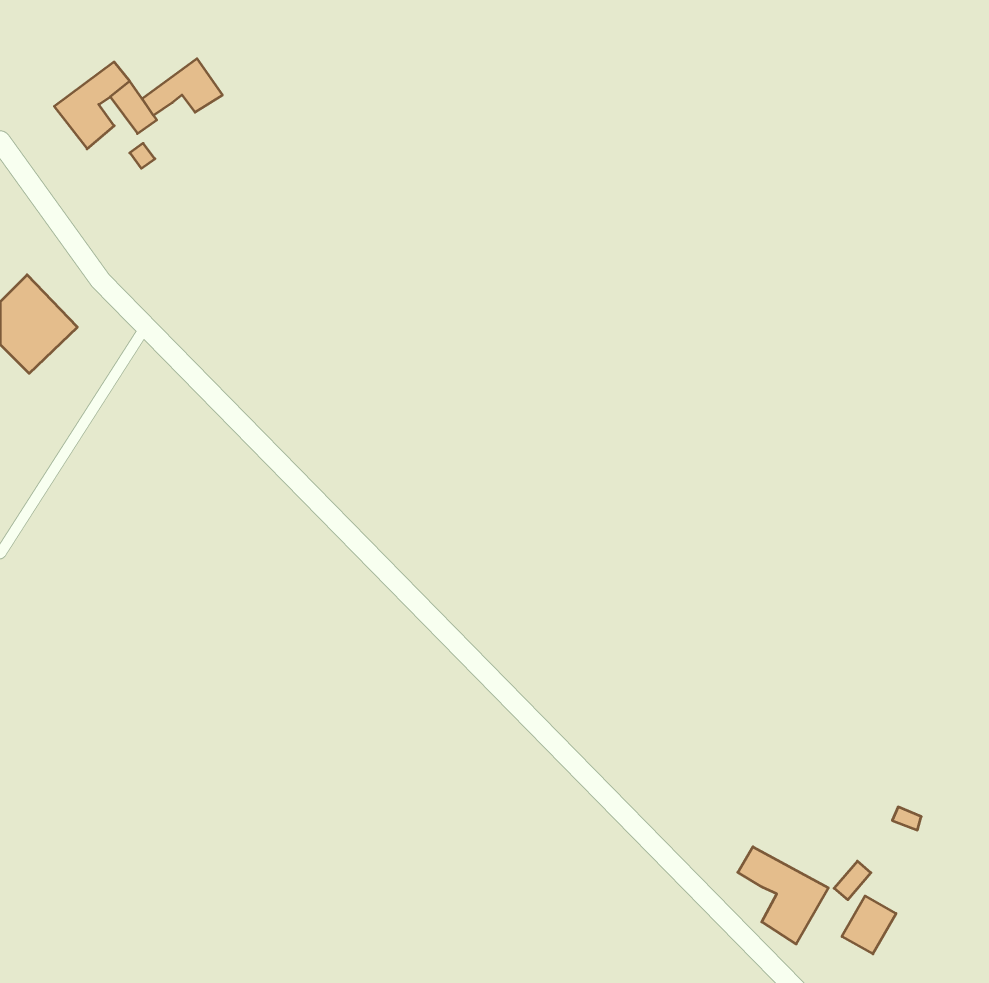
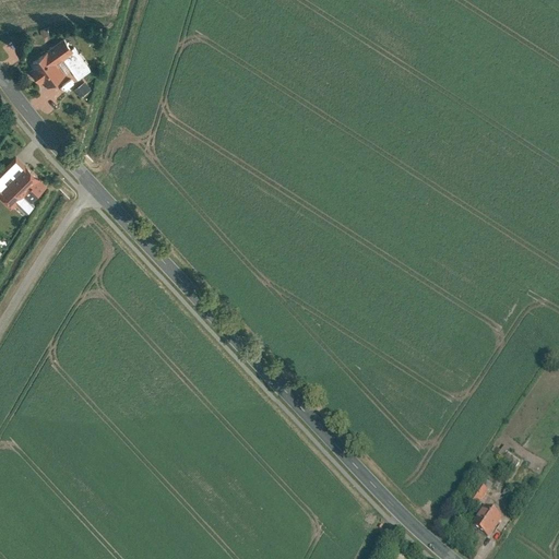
building: [142,59,222,115] -> none
building: [738,847,828,944] -> none

